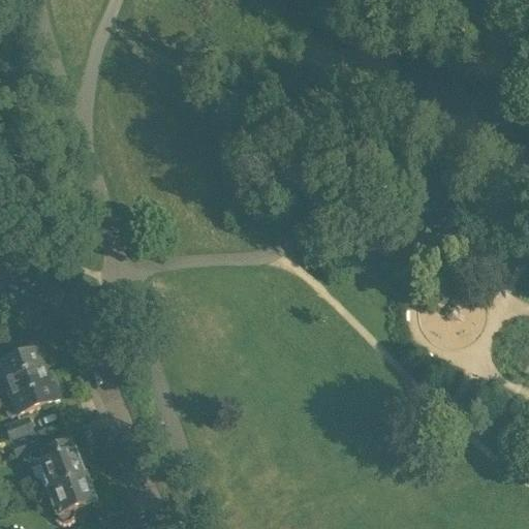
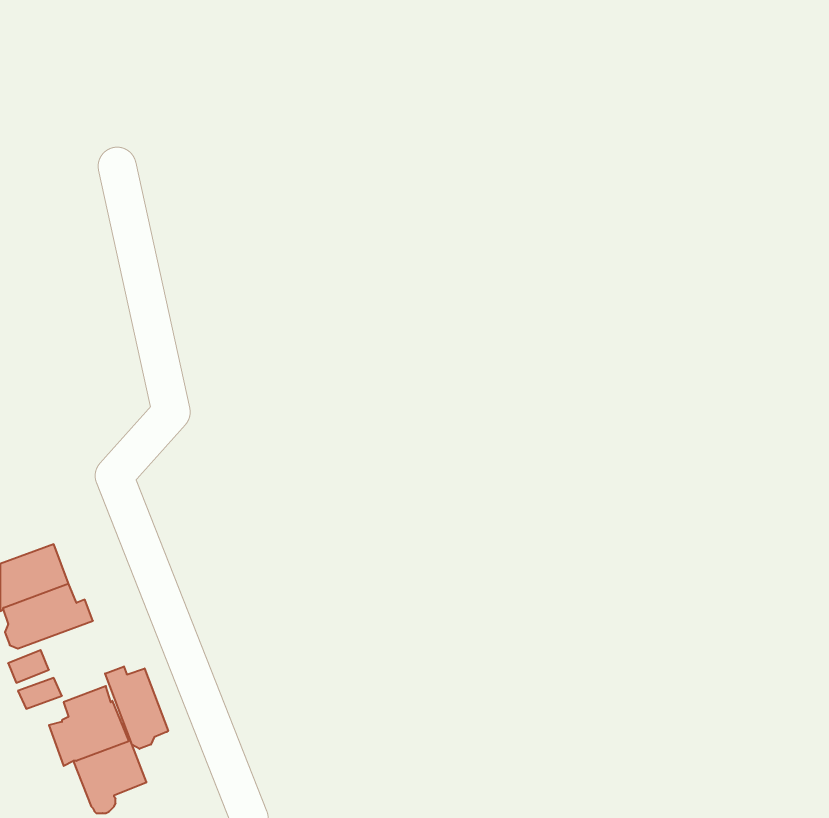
building: none -> [105,666,168,749]

